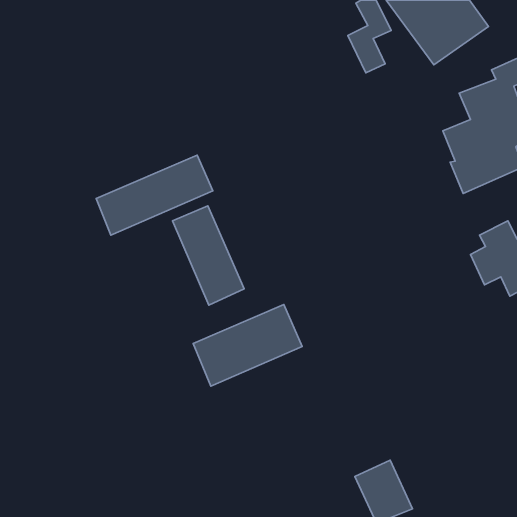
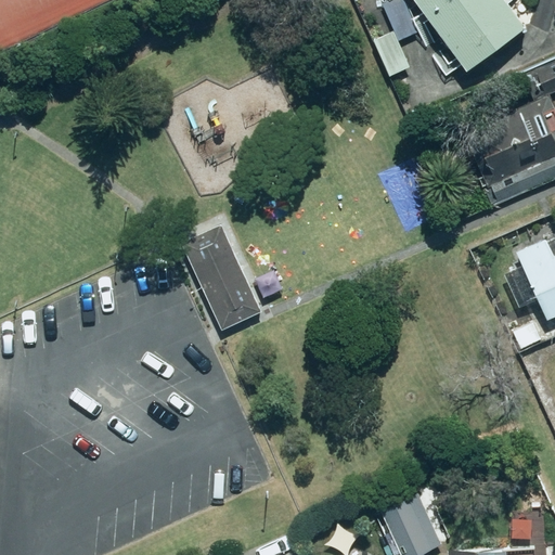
building: [96,155,213,235] -> none
building: [193,305,302,386] -> none

